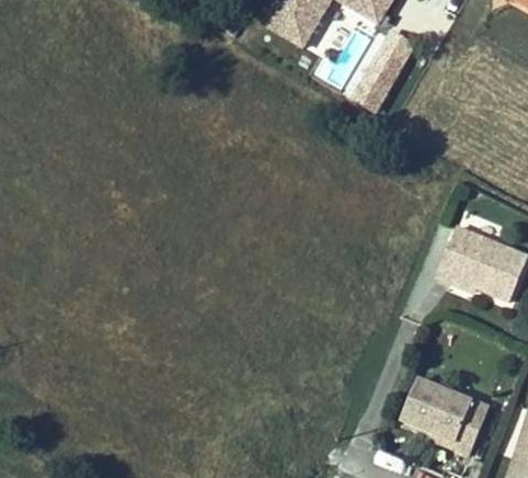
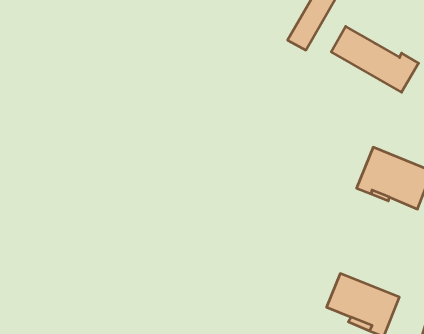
building: none -> [331,26,419,92]

